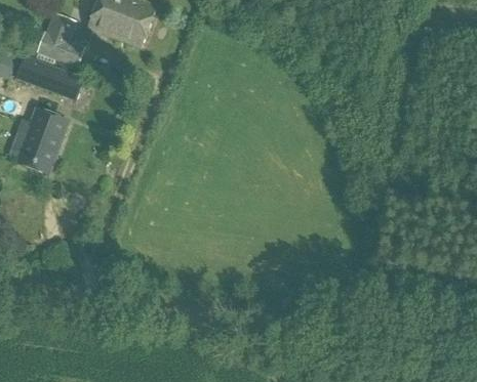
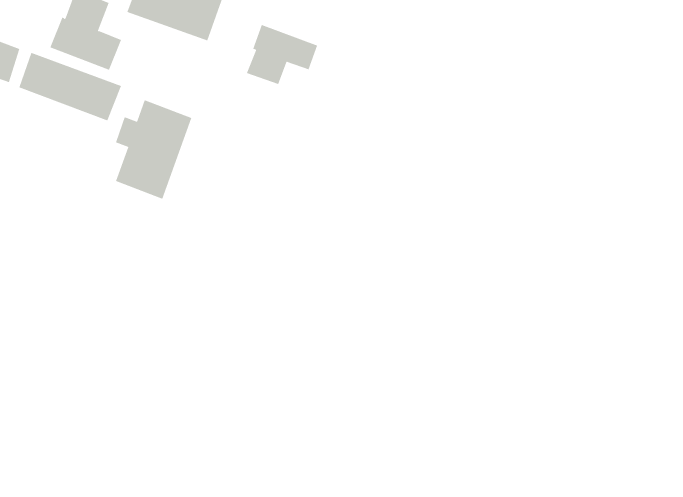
building: none -> [246,24,318,85]
building: [16,108,68,174] -> [115,100,192,200]

